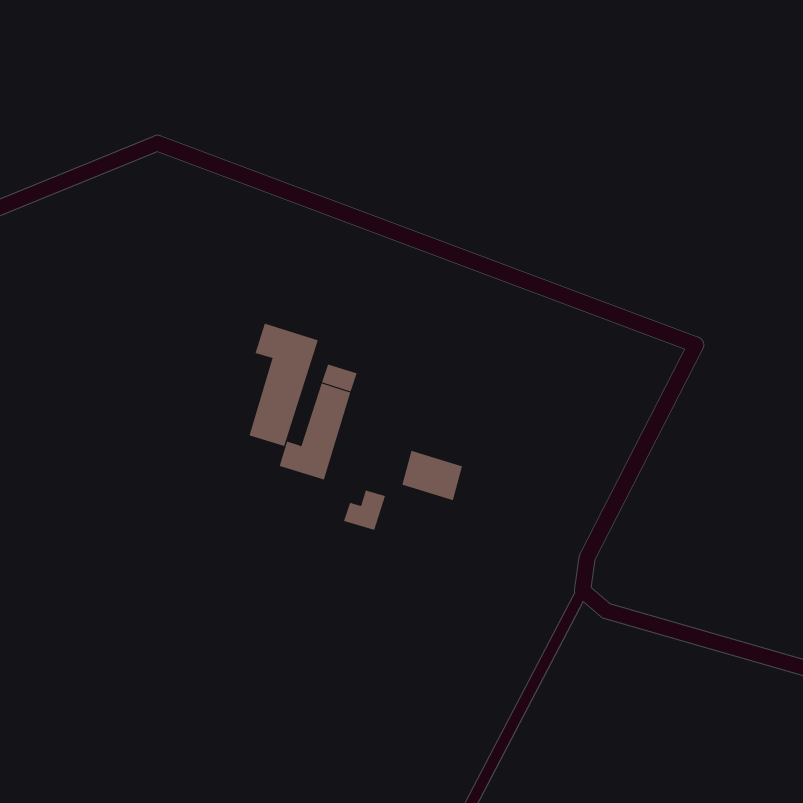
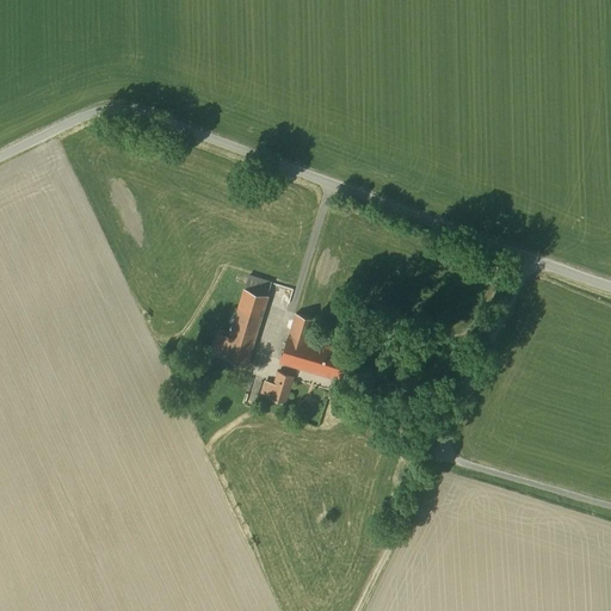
building: [249,323,319,447] -> none
building: none -> [280,316,311,369]

